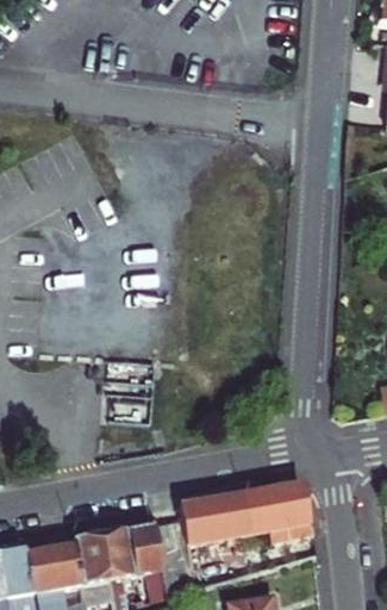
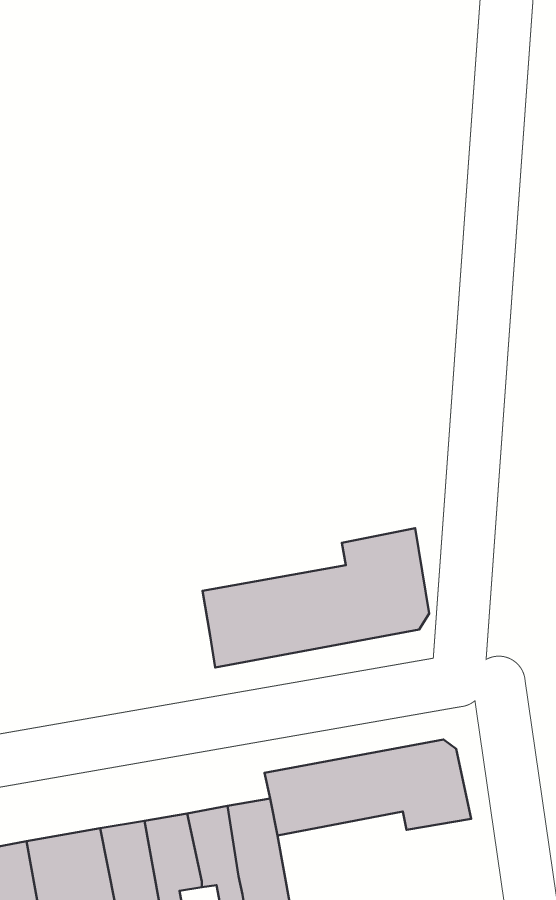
building: none -> [202,528,429,667]

